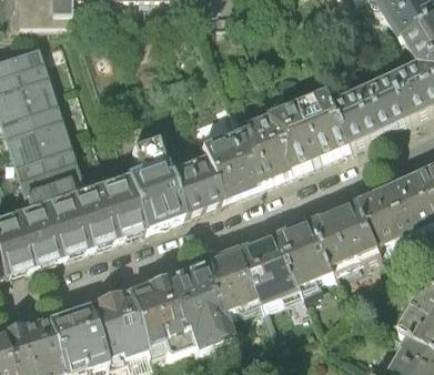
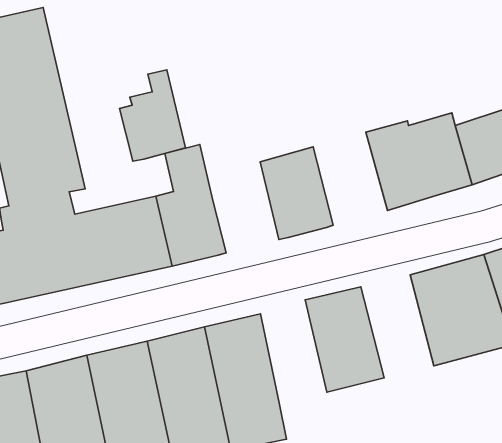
building: [236,114,294,183] -> none
building: [169,143,219,211] -> [119,70,185,161]
building: [281,213,339,288] -> none
building: [211,239,264,314] -> none

